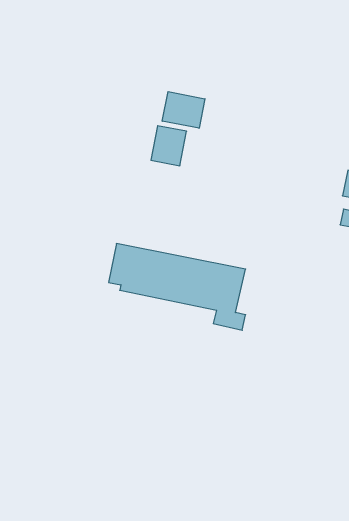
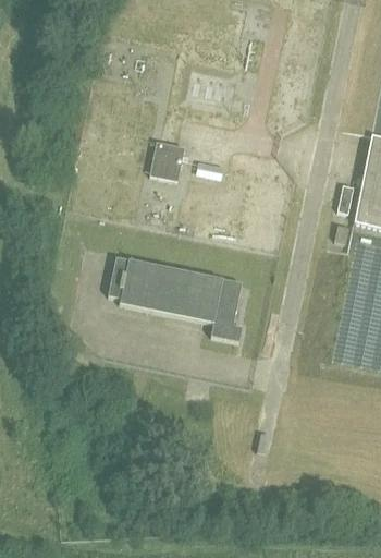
building: [162,92,205,128] -> none

